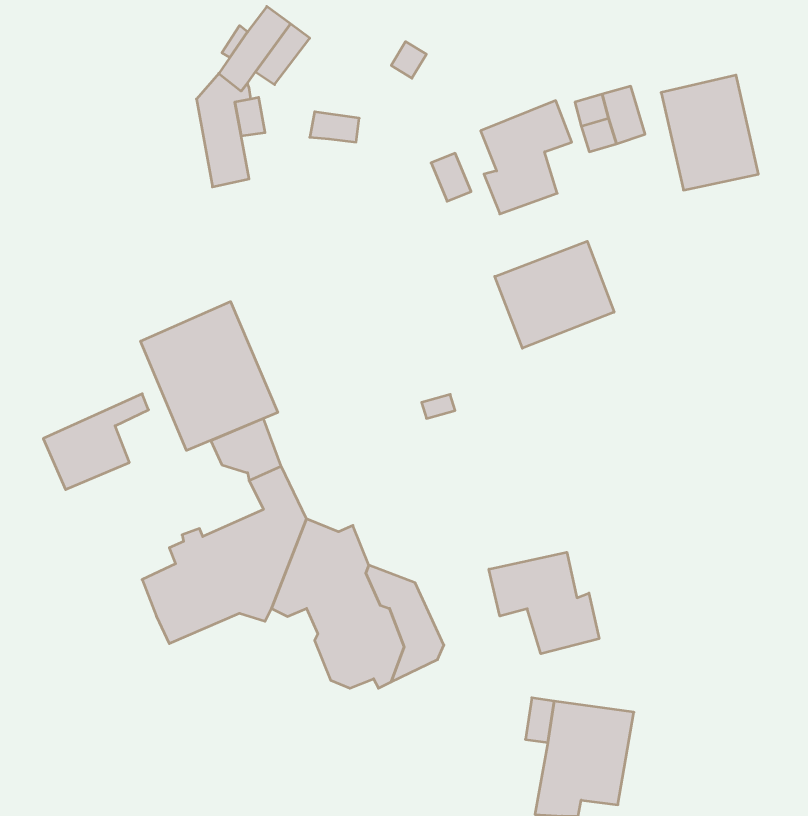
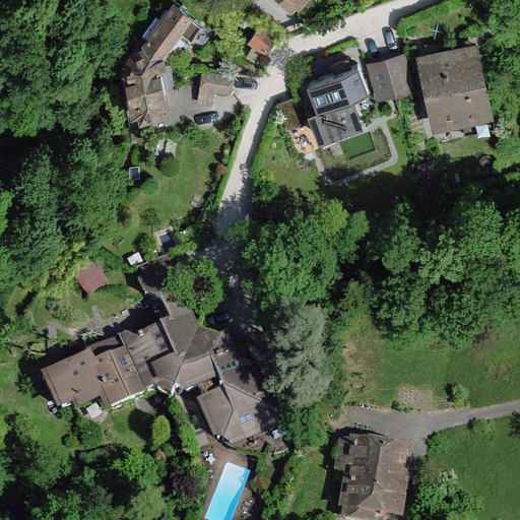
building: [495,241,614,348] -> none
building: [141,302,278,450] -> none
building: [43,394,149,490] -> [45,348,112,409]
building: [489,552,599,654] -> none

